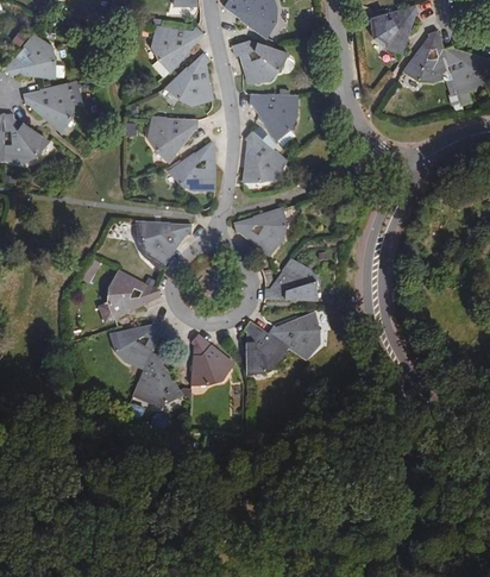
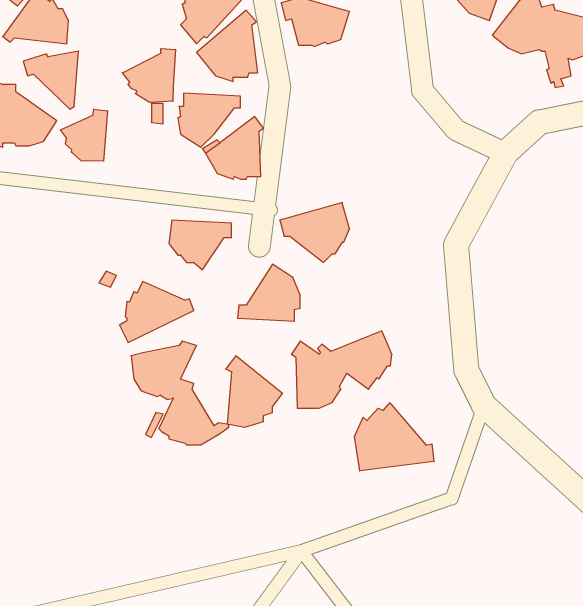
building: none -> [122,49,176,102]
building: [249,94,297,140] -> none
building: none -> [61,109,107,161]
building: [241,131,285,186] -> none
building: [260,256,312,302] -> [238,264,300,321]
building: none -> [355,403,434,471]

